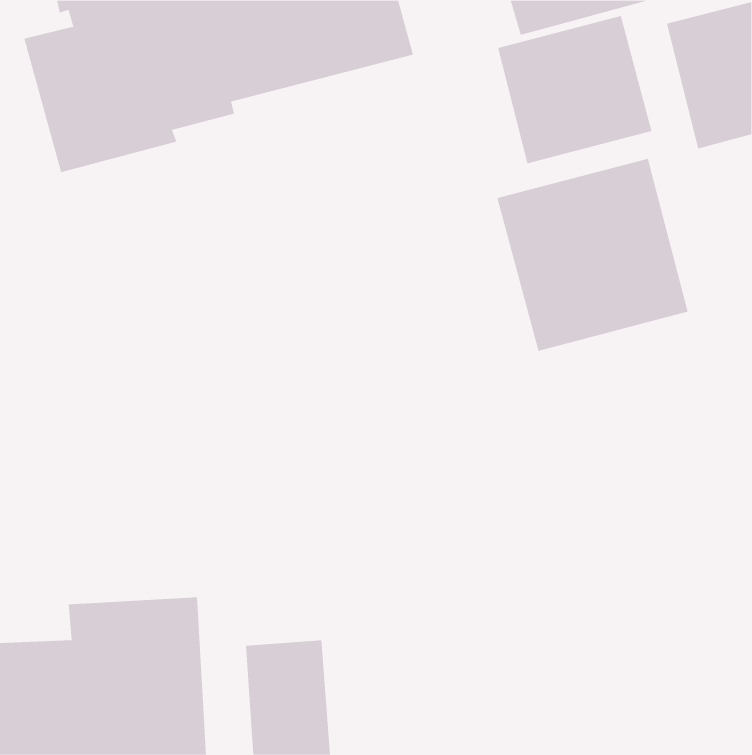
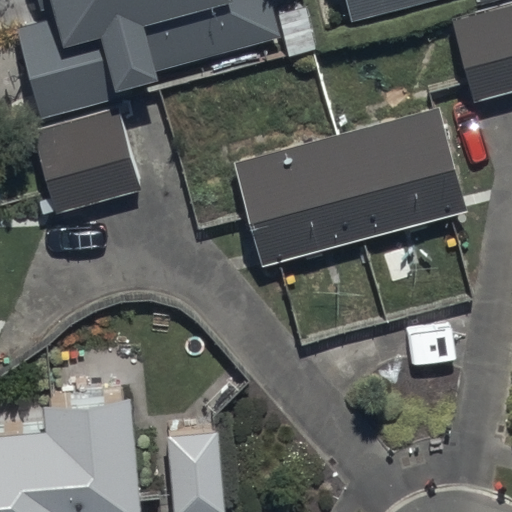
building: [497,15,652,164] -> none
building: none -> [31,107,139,215]
building: none -> [234,134,364,265]

